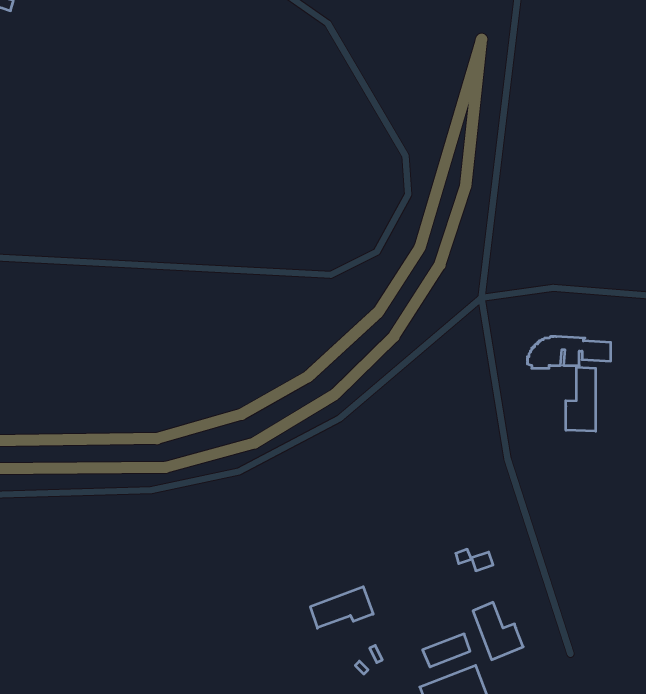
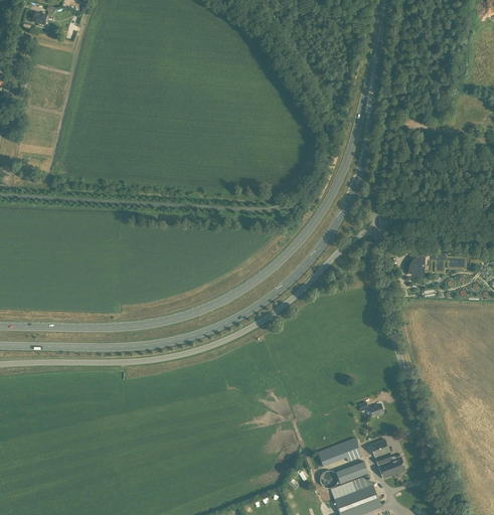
building: [566,367,596,431] -> none
building: [310,587,373,628] -> [317,438,361,467]

